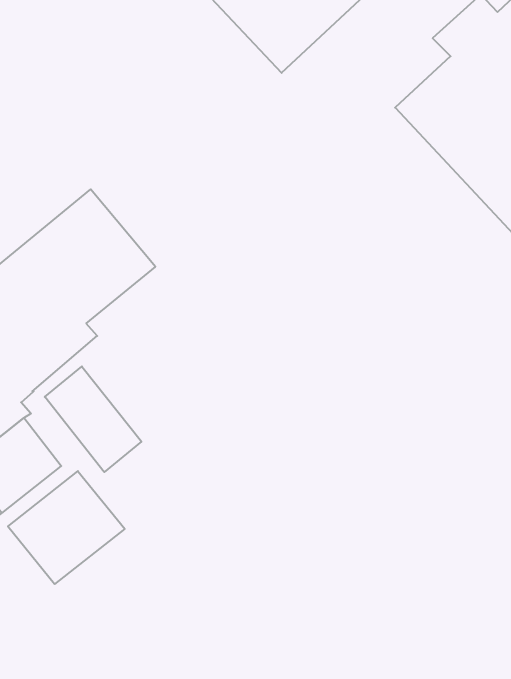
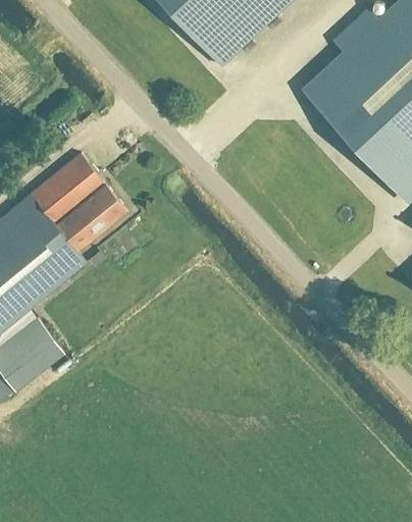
building: [45,366,141,472] -> none
building: [8,471,125,584] -> none

